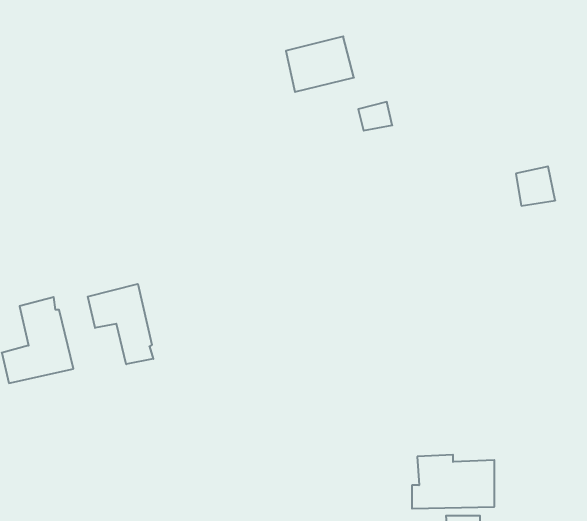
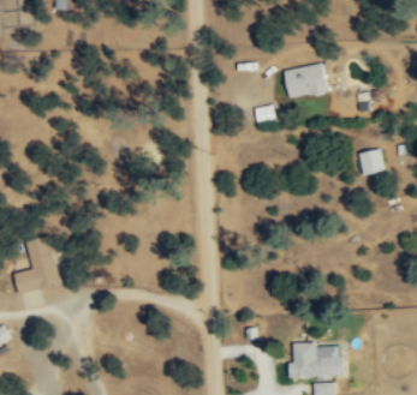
building: [286,36,354,92] -> [282,62,328,100]
building: [88,284,153,364] -> none

